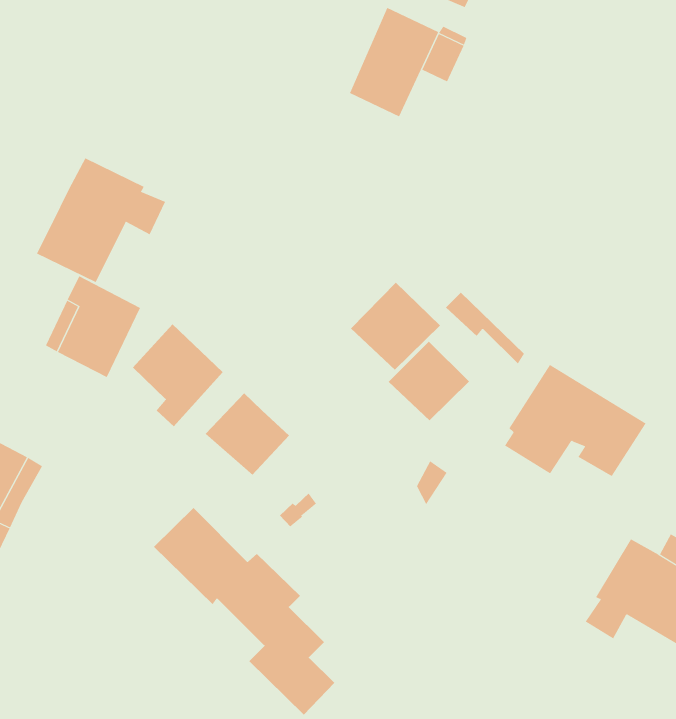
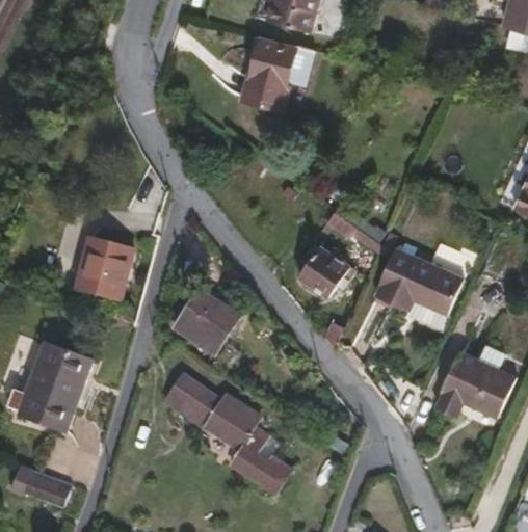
building: [36,157,166,283] -> none
building: [350,282,441,371] -> none
building: [132,323,223,427] -> none

